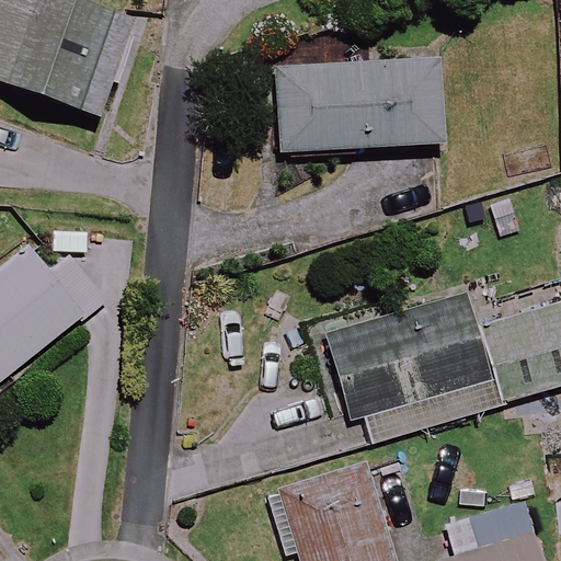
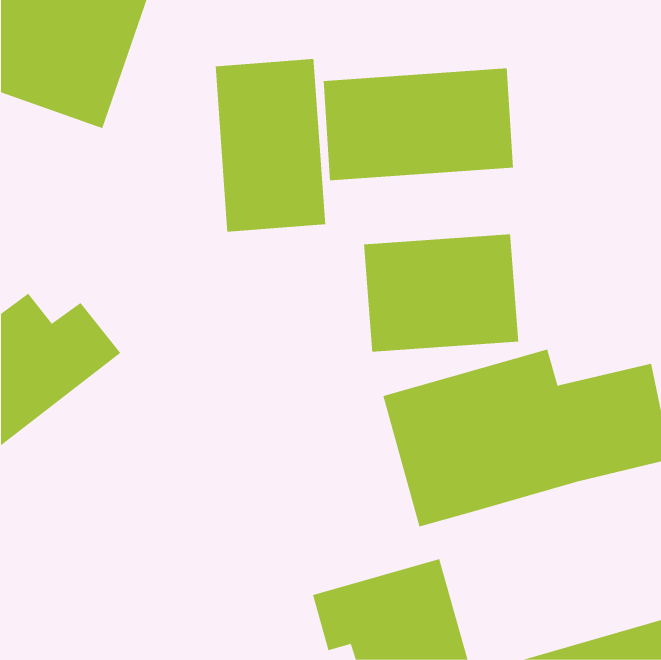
building: none -> [215,58,326,232]
building: none -> [364,234,519,353]

